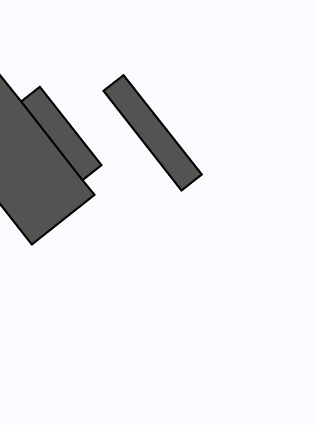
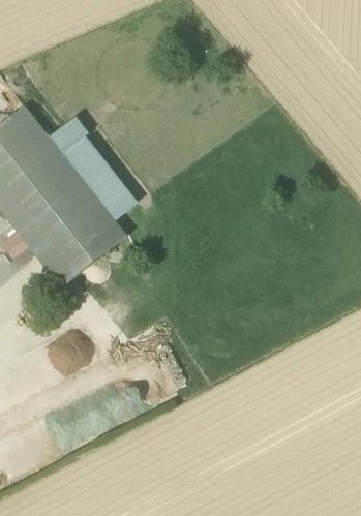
building: [103,75,202,190] -> none

